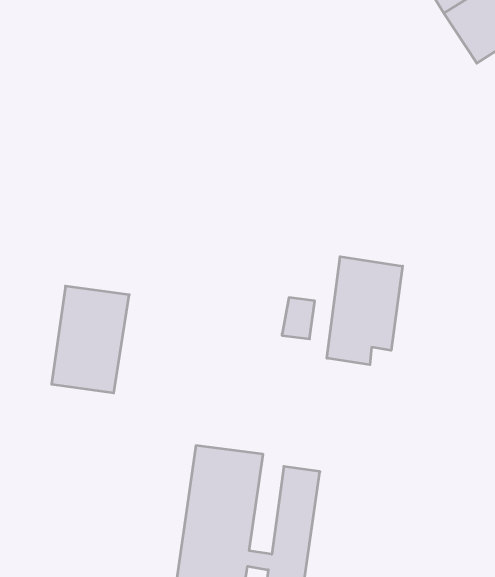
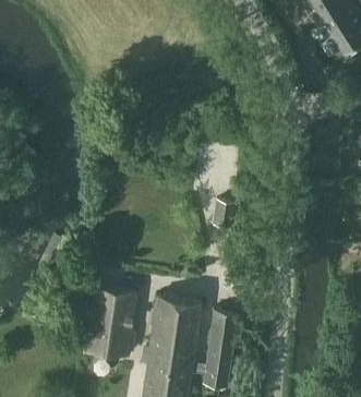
building: [327,257,403,365] -> none
building: [52,286,129,393] -> [86,287,135,354]

